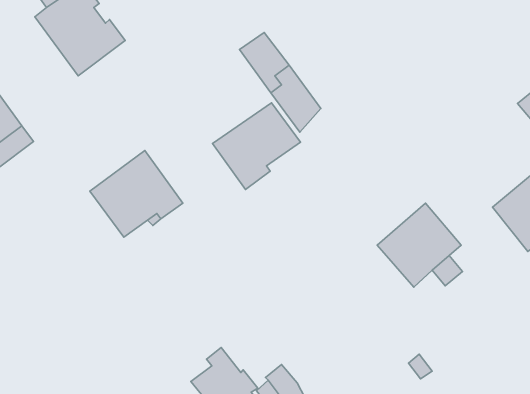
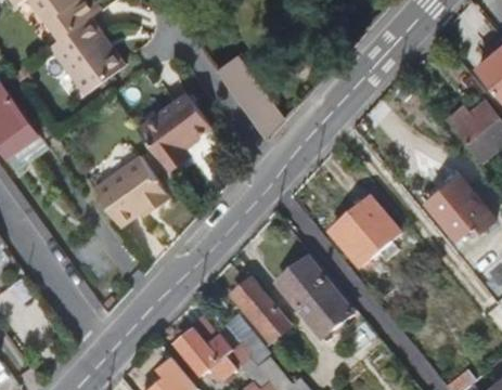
building: [213,103,300,189] -> [136,93,208,165]
building: none -> [276,260,355,343]
building: none -> [232,282,288,342]

